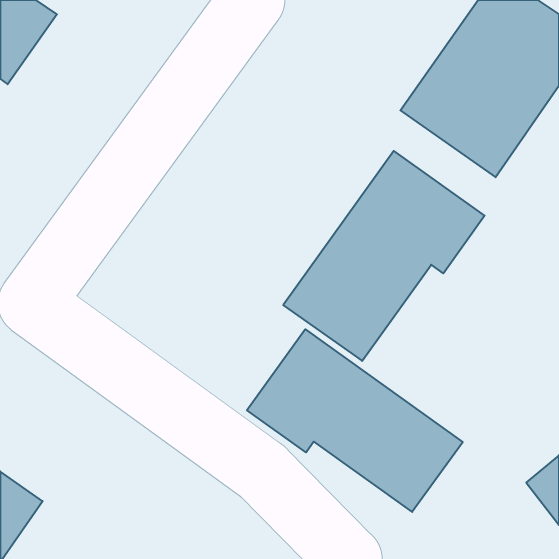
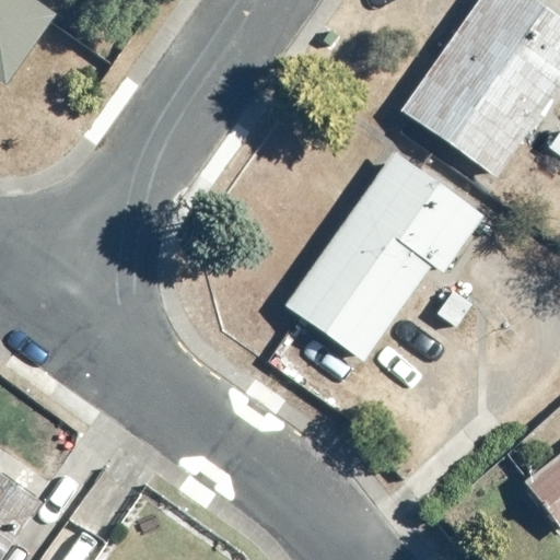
building: [247,329,463,512] -> none

